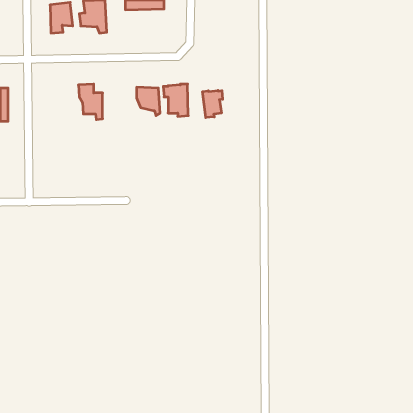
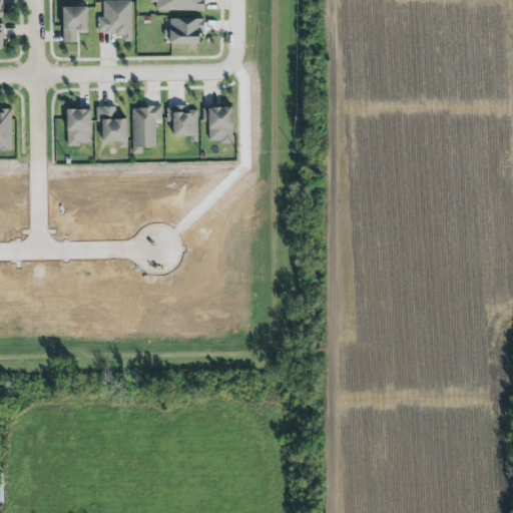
building: none -> [164,18,204,44]
building: none -> [133,104,161,152]
building: none -> [68,107,92,144]
building: [203,90,223,118] -> none

